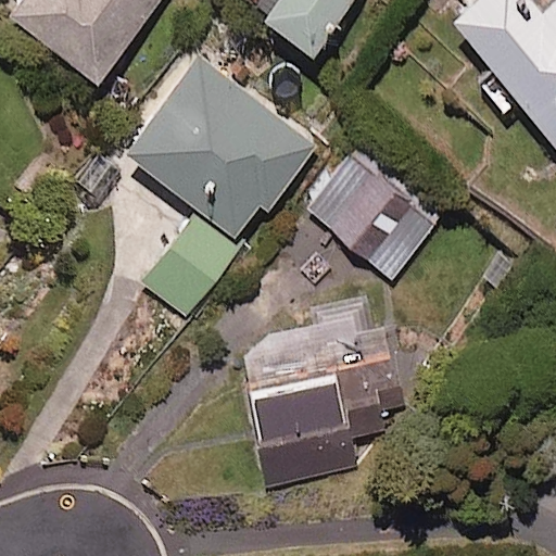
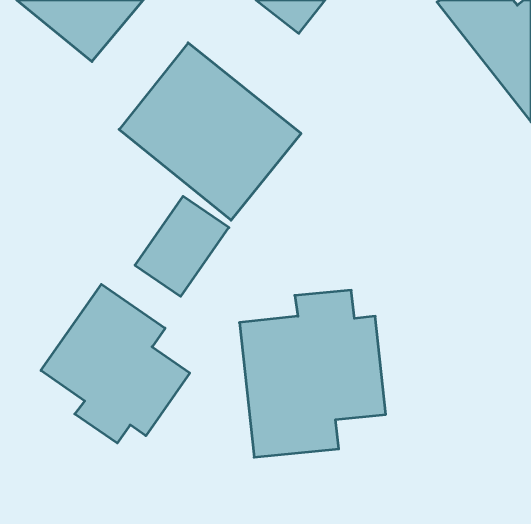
building: [306,147,443,281] -> none
building: none -> [41,284,190,443]

